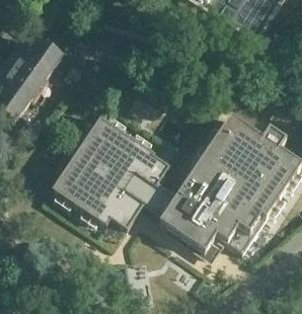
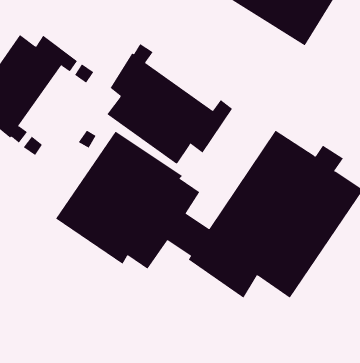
building: none -> [107,43,233,164]

